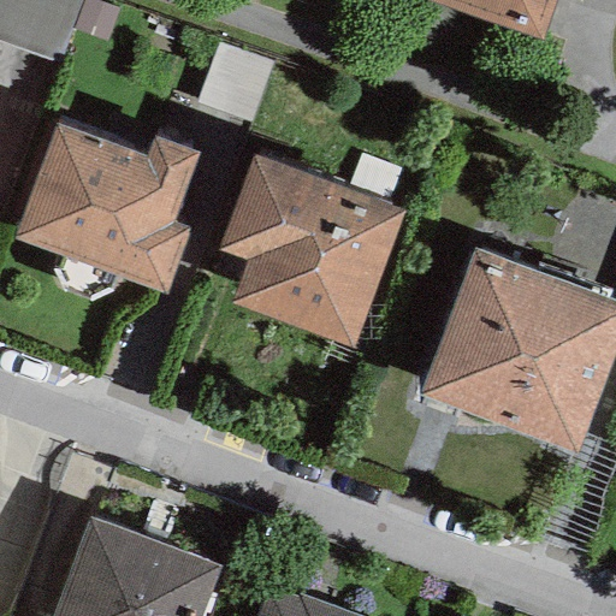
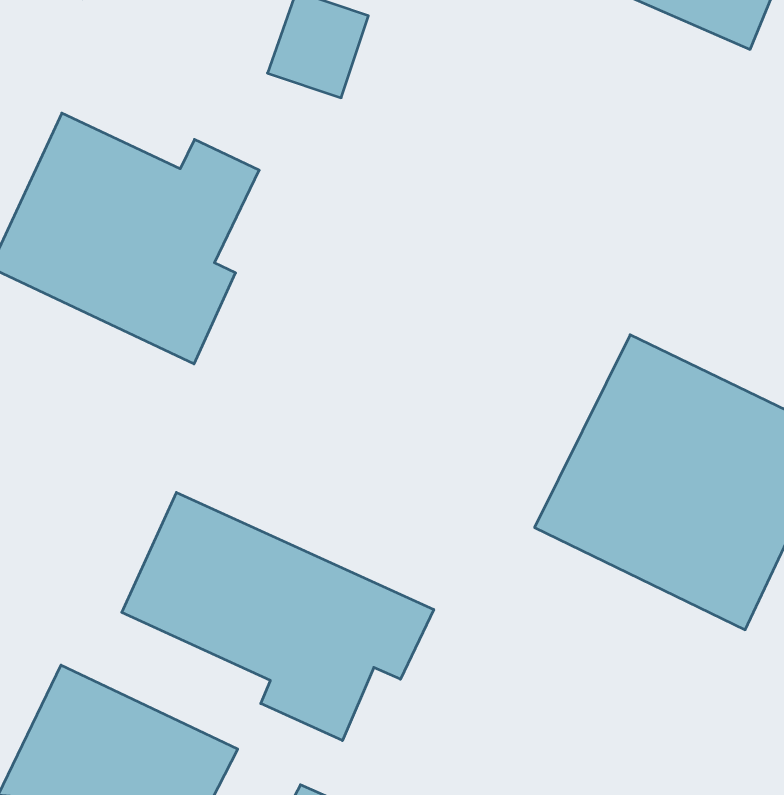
building: [219,156,404,348] -> none
building: none -> [122,492,434,741]

